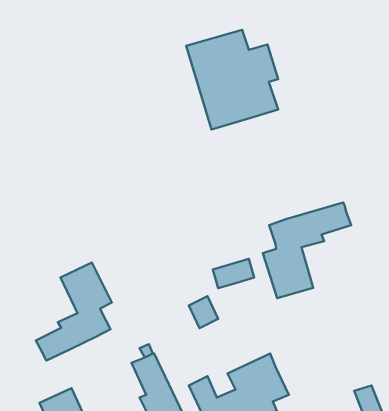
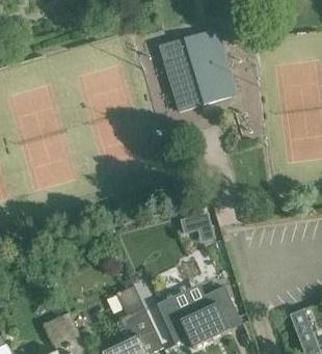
building: [263,202,351,298] -> none
building: [36,263,112,361] -> none

